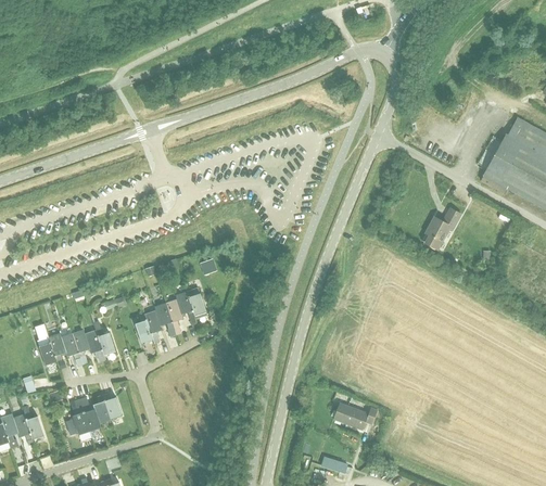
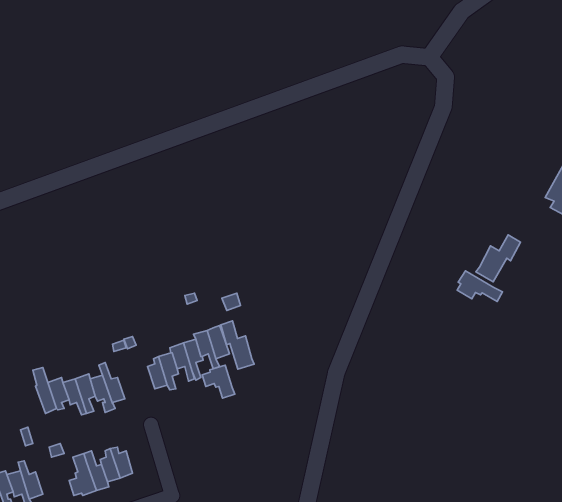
building: none -> [457,271,503,301]
building: none -> [221,321,254,369]
building: none -> [202,365,235,398]
building: [332,402,377,430] -> none

